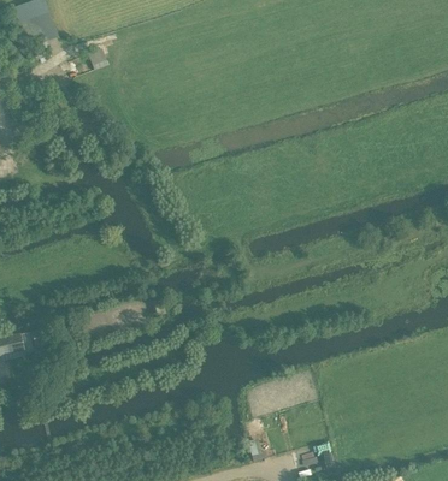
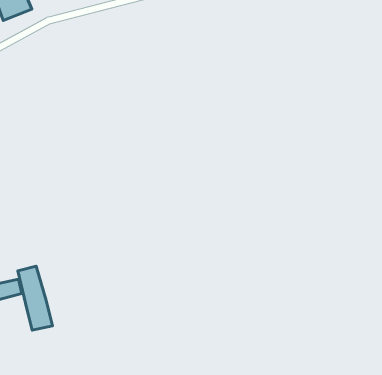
building: none -> [18,266,53,330]

